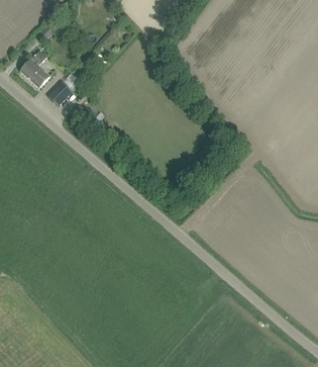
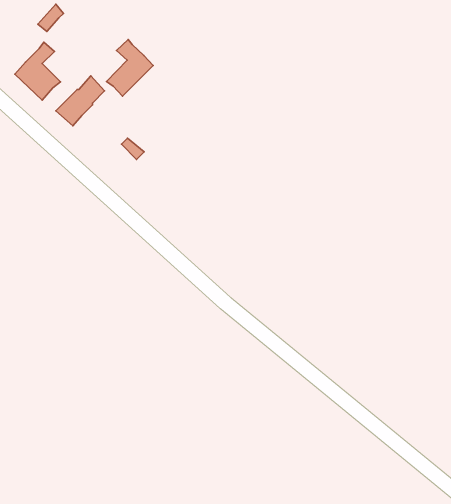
building: none -> [107,39,153,96]

